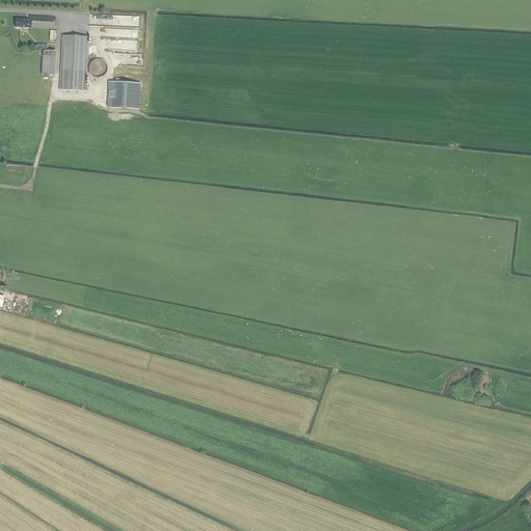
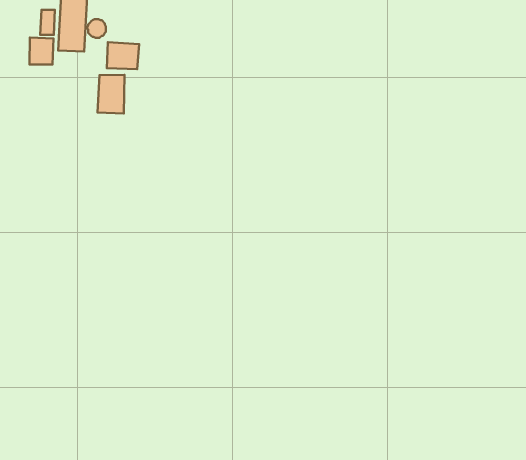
building: none -> [30,38,54,64]
building: none -> [98,75,124,114]

